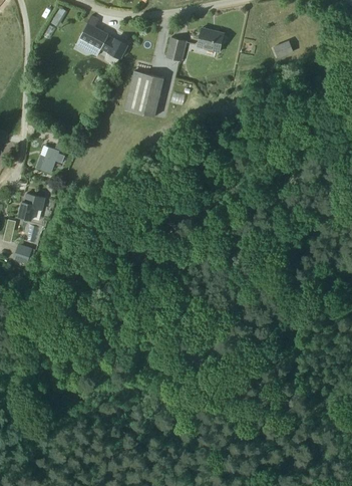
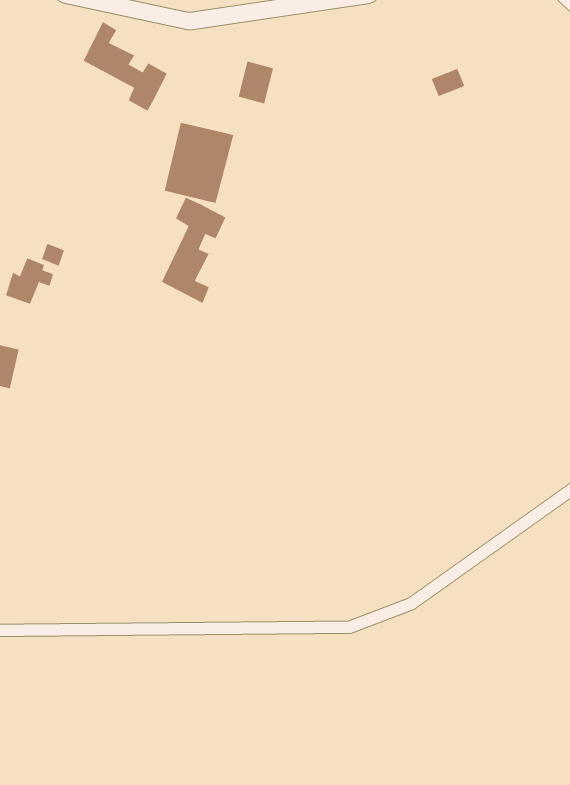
building: [197,30,226,52] -> none
building: none -> [161,197,226,304]

